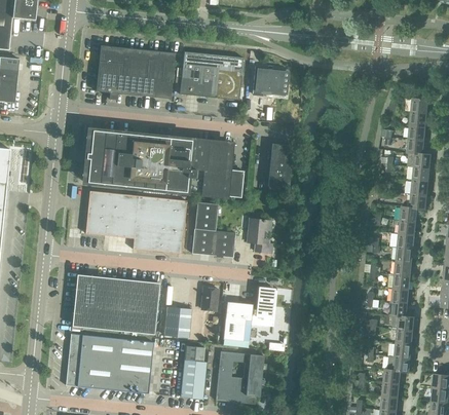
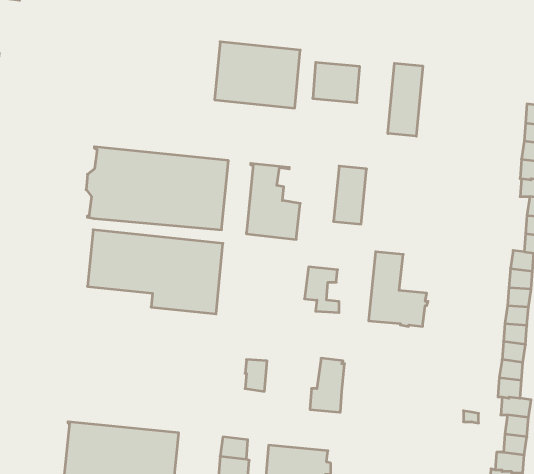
building: [96,45,175,100] -> none
building: none -> [388,63,423,136]
building: [185,140,209,193] -> none
building: [192,202,236,258] -> [369,252,428,326]
building: [72,274,159,334] -> none
building: [223,304,252,342] -> none
building: [164,307,192,338] -> none

